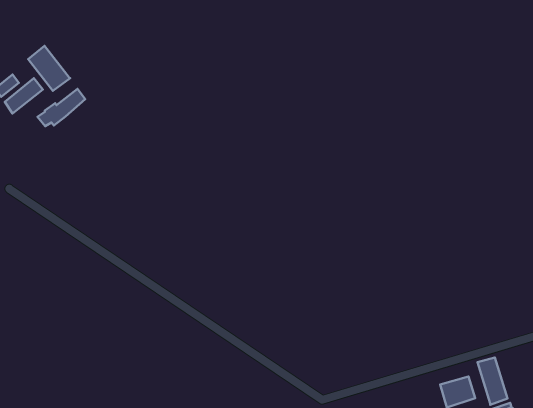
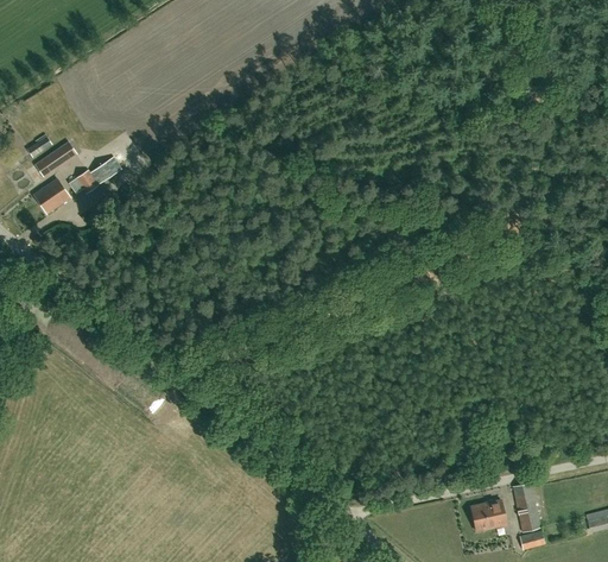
building: [28,46,70,91] -> none
building: none -> [32,178,69,214]

